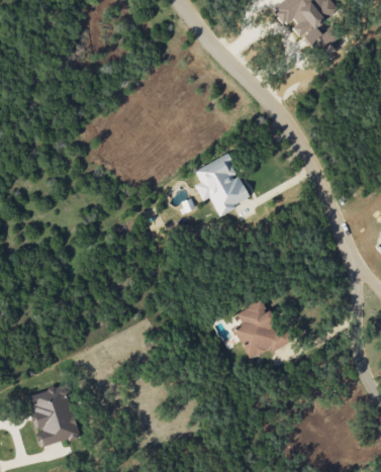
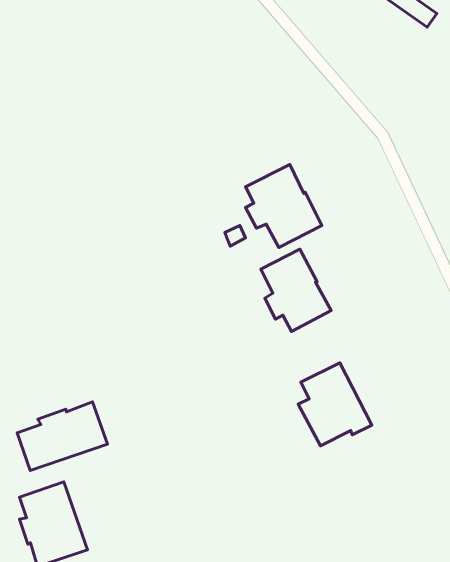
building: none -> [261,249,331,332]
building: none -> [17,402,107,470]

